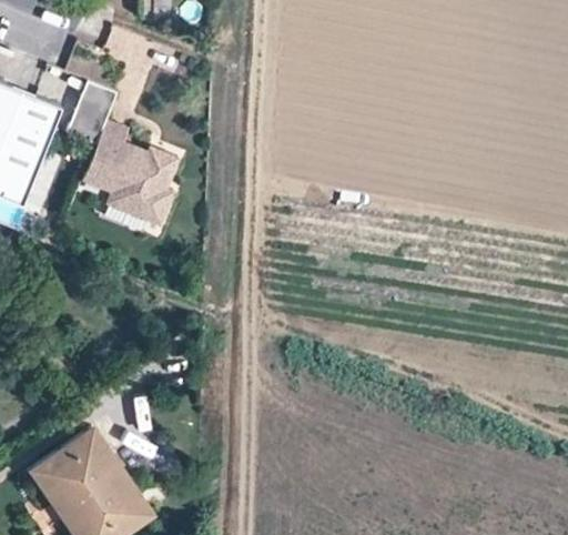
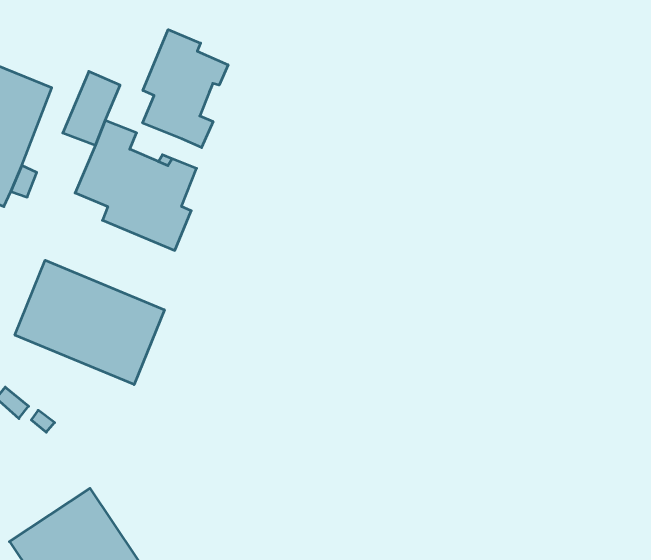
building: none -> [143,30,228,148]
building: none -> [15,260,164,385]

